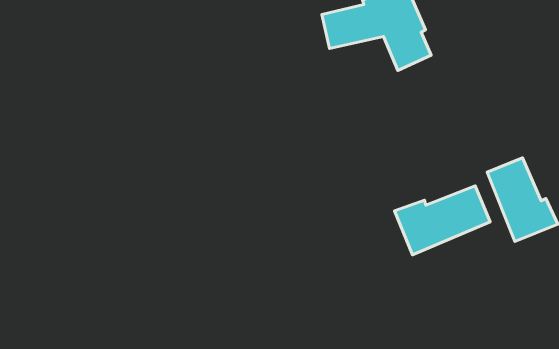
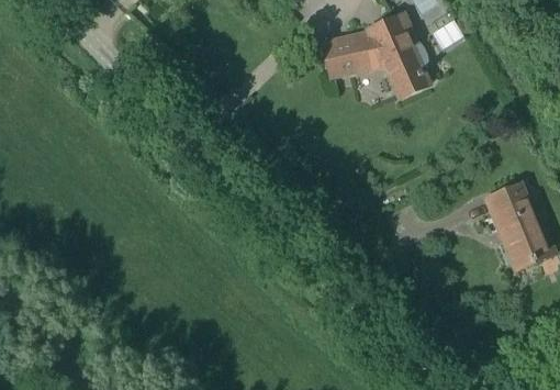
building: [395,186,490,255] -> none

